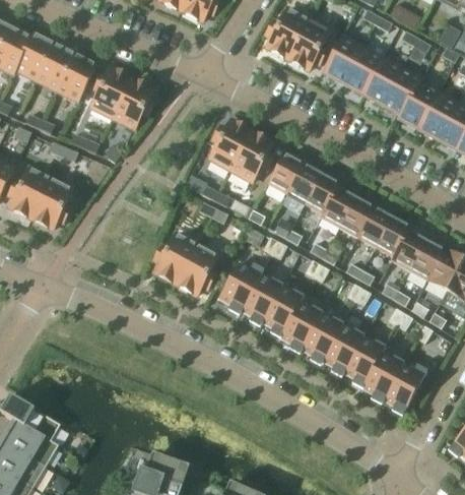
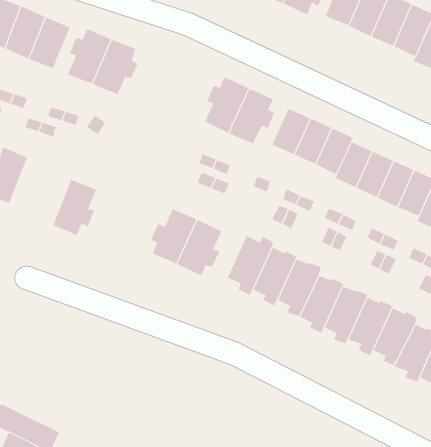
building: [30,178,72,229] -> [52,179,97,236]

